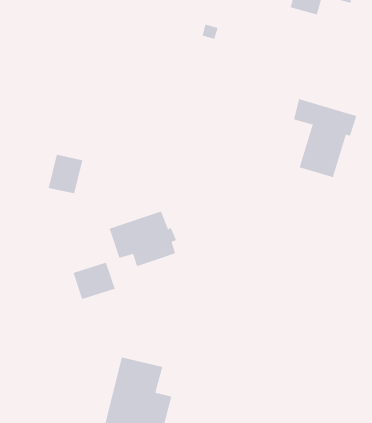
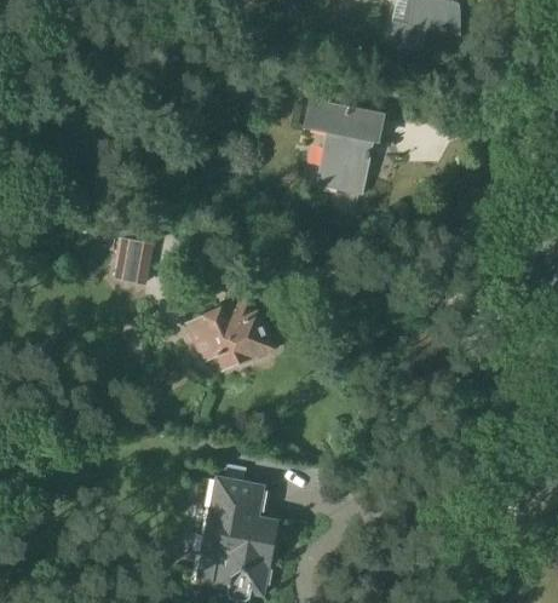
building: [293,99,357,178] -> [307,99,384,191]
building: [73,262,115,300] -> none

